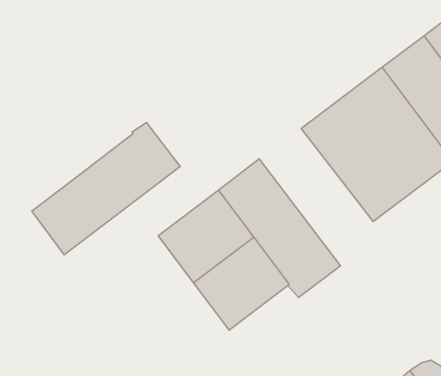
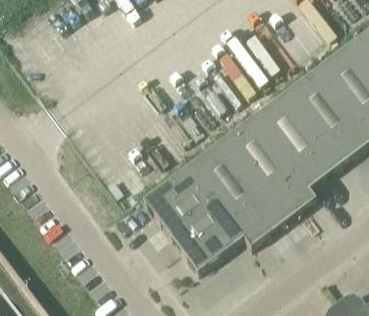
building: [32,123,180,255] -> none
building: none -> [221,114,316,220]

